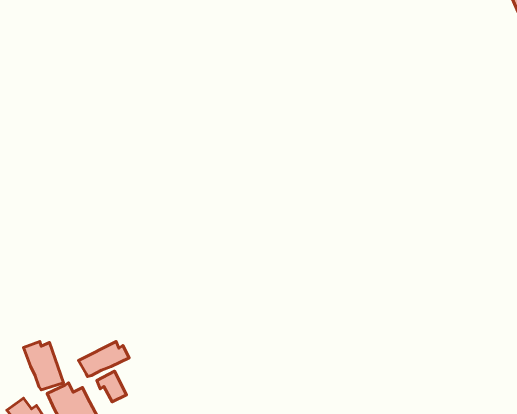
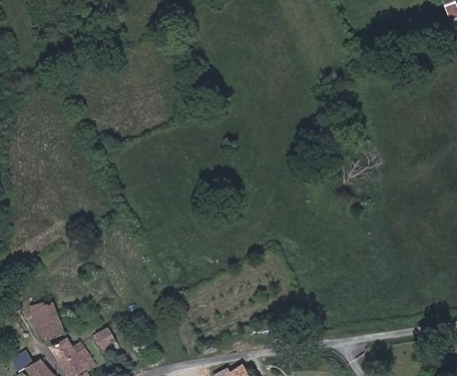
building: [79,342,129,376] -> none

